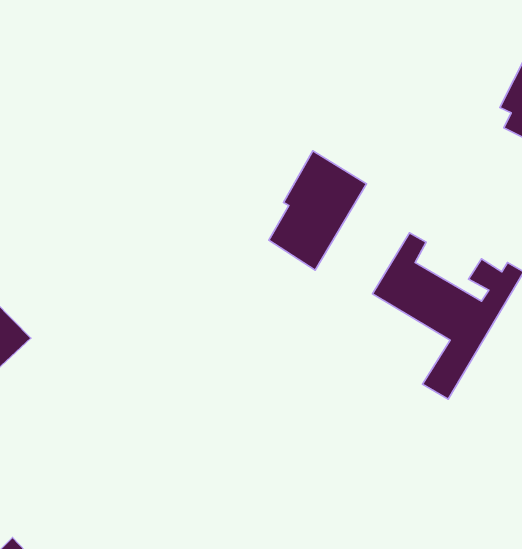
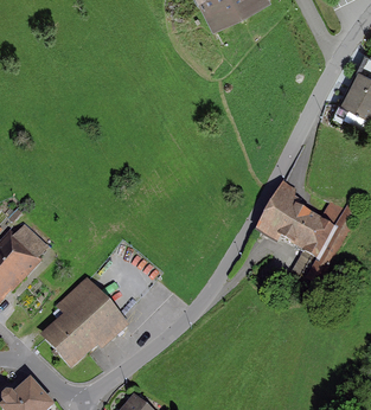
building: [269,151,366,270] -> none
building: none -> [43,280,117,360]

